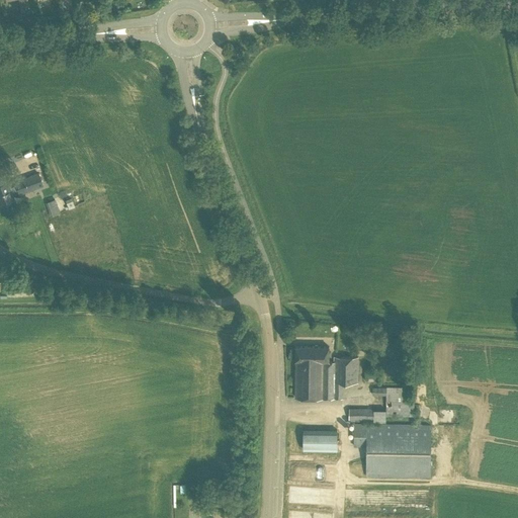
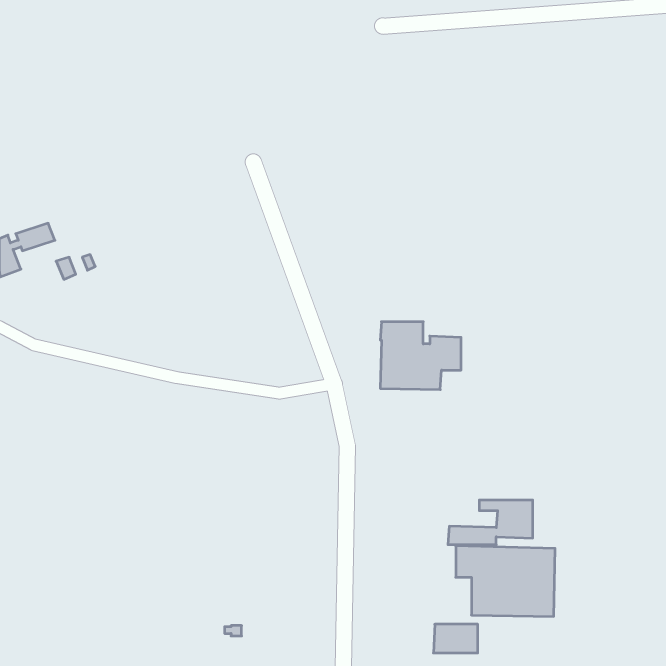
building: [294,347,357,400] -> [380,322,461,390]
building: [301,430,336,452] -> [433,624,478,653]

